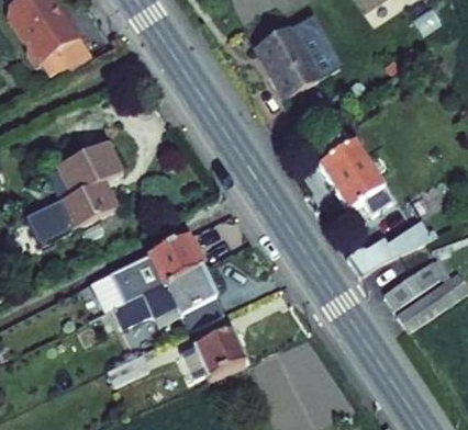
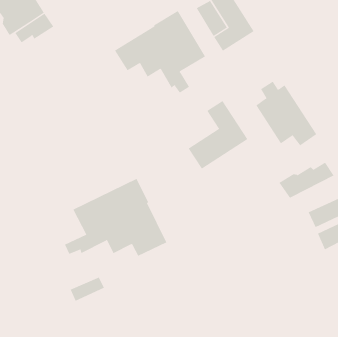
building: none -> [114,10,206,93]
building: [42,143,122,237] -> none
building: none -> [188,100,248,169]
building: [180,332,245,381] -> none

